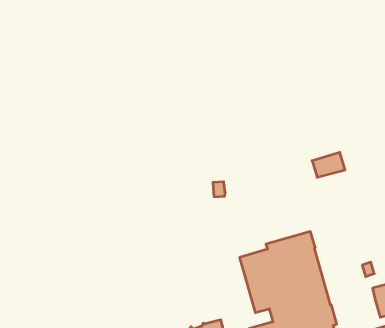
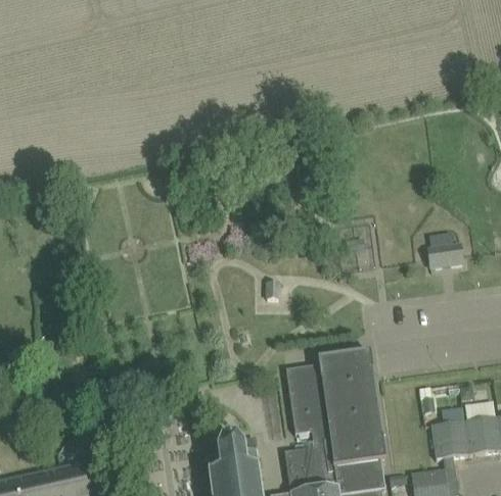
building: [312,152,345,177] -> [427,243,463,267]

